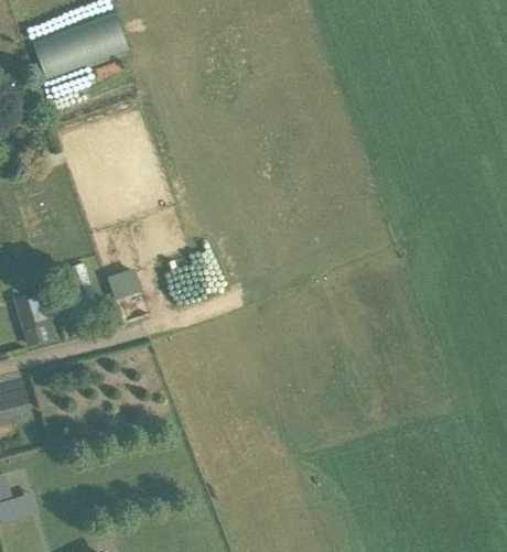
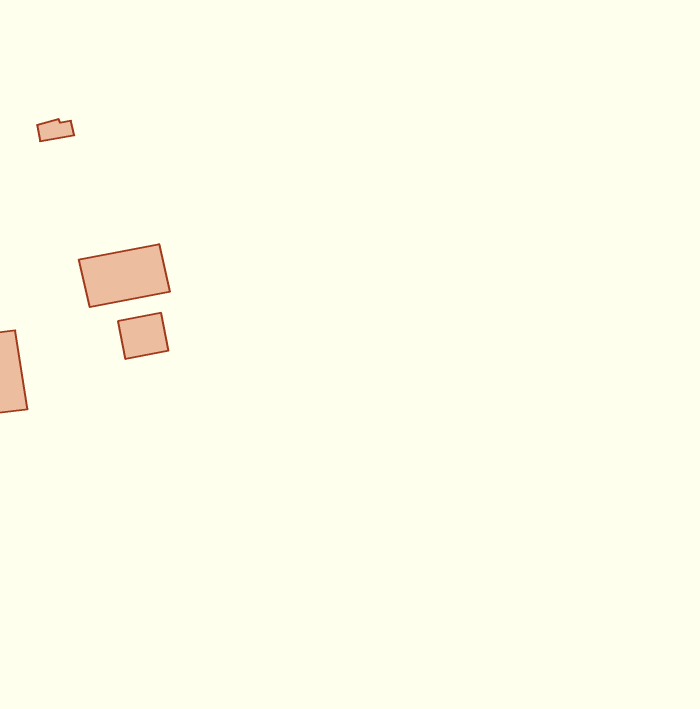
building: none -> [79,244,170,307]

